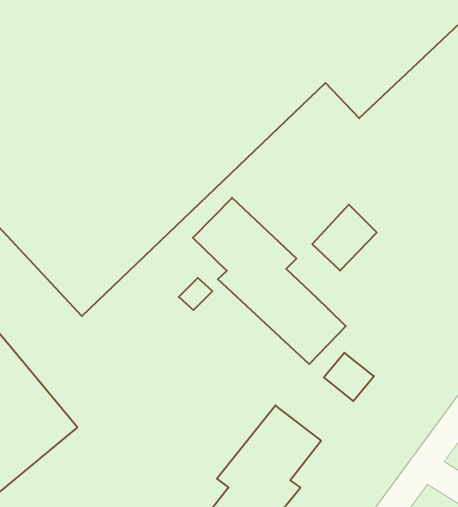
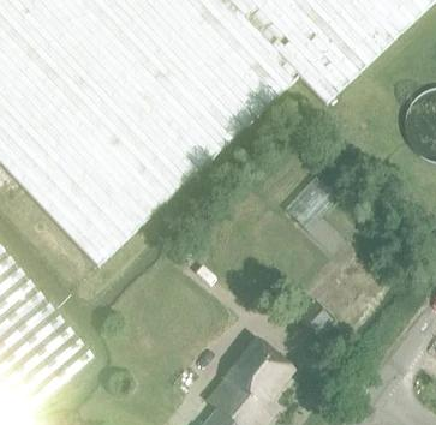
building: [193,198,346,364] -> none

